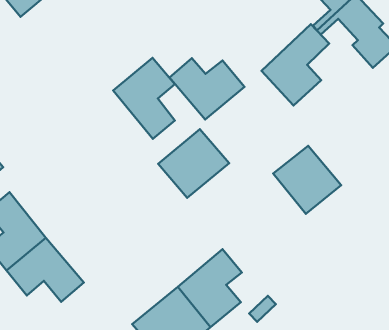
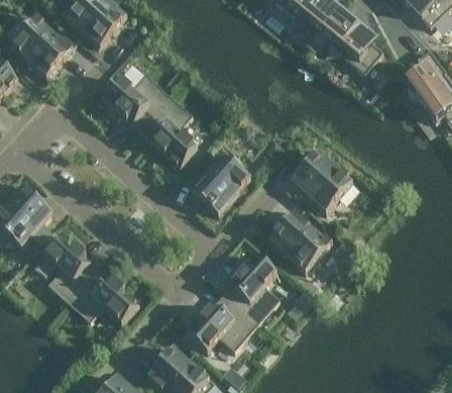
building: [261,24,329,105] -> none
building: [169,58,245,120] -> [101,73,168,127]
building: none -> [268,207,331,270]

